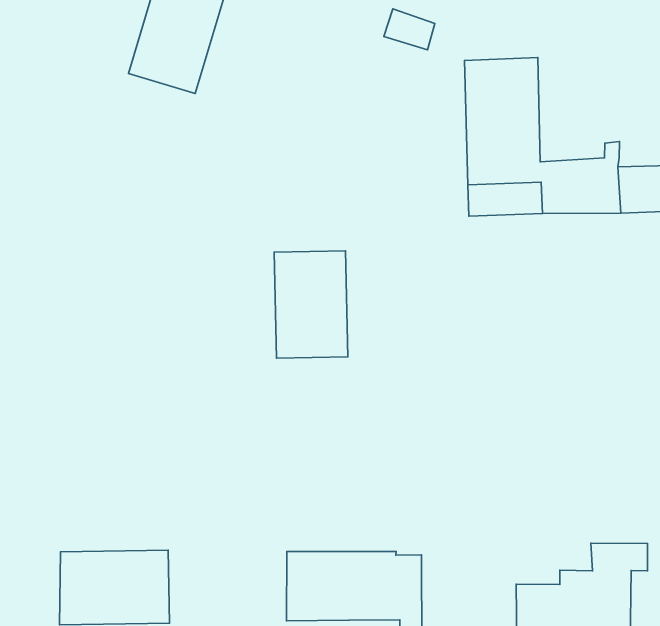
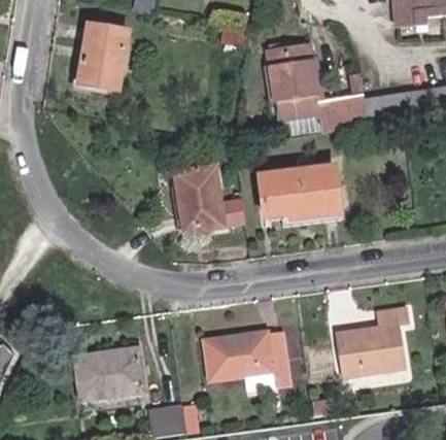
building: none -> [260,165,341,217]

